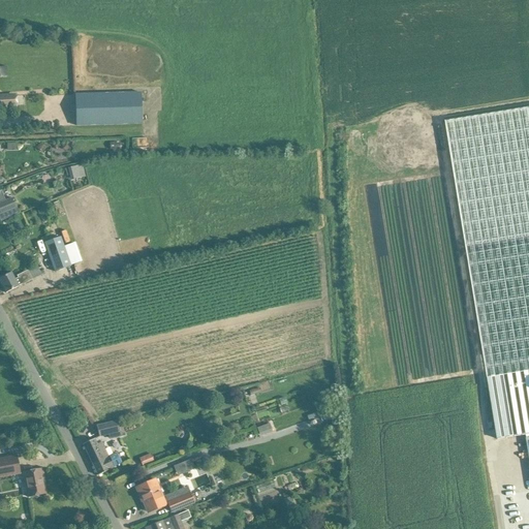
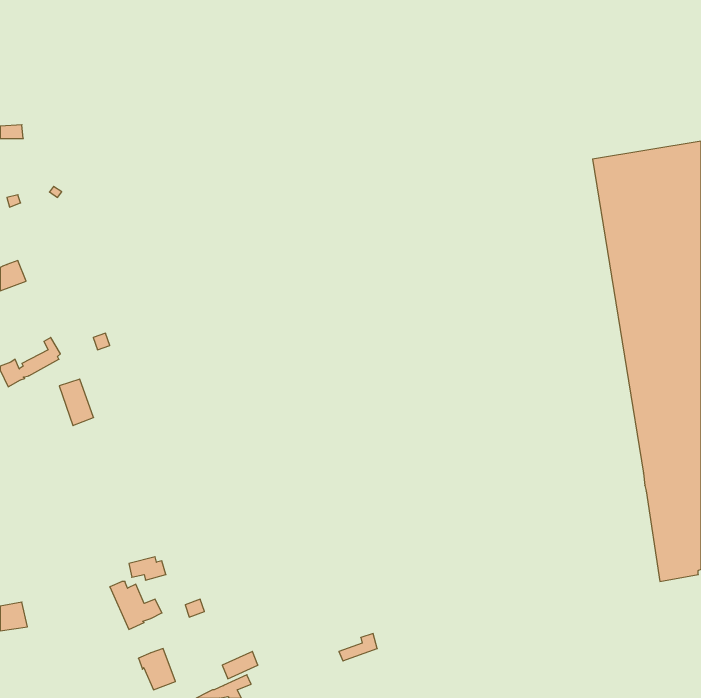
building: [74,91,143,125] -> none
building: [44,236,70,271] -> [59,379,94,426]
building: [24,468,45,495] -> none
building: [136,479,164,510] -> [138,649,175,690]

